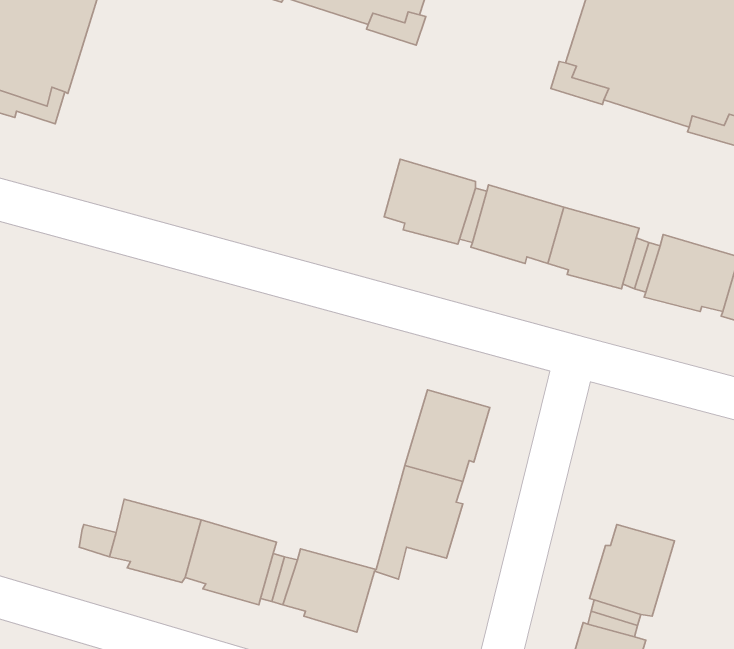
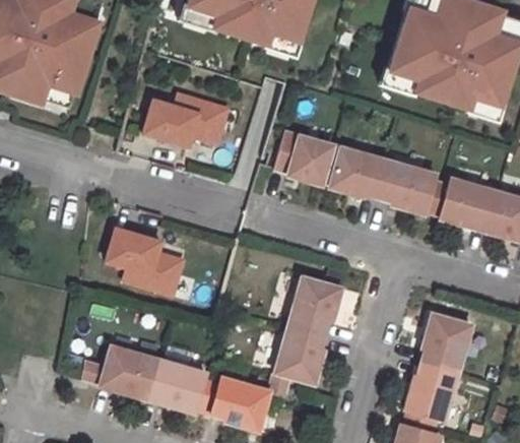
building: none -> [144,93,230,146]
building: none -> [106,228,185,296]
building: none -> [422,313,472,372]

